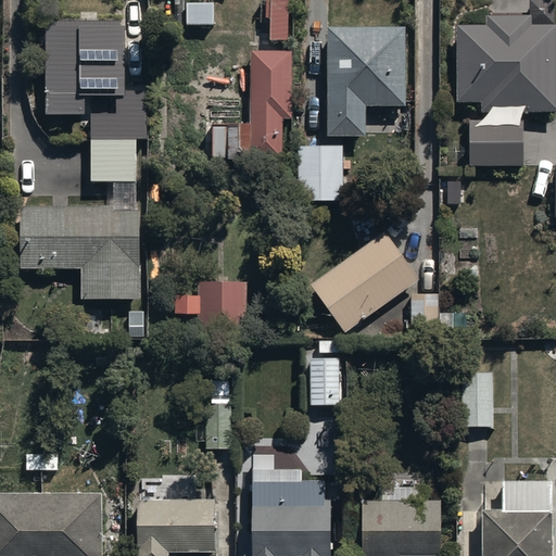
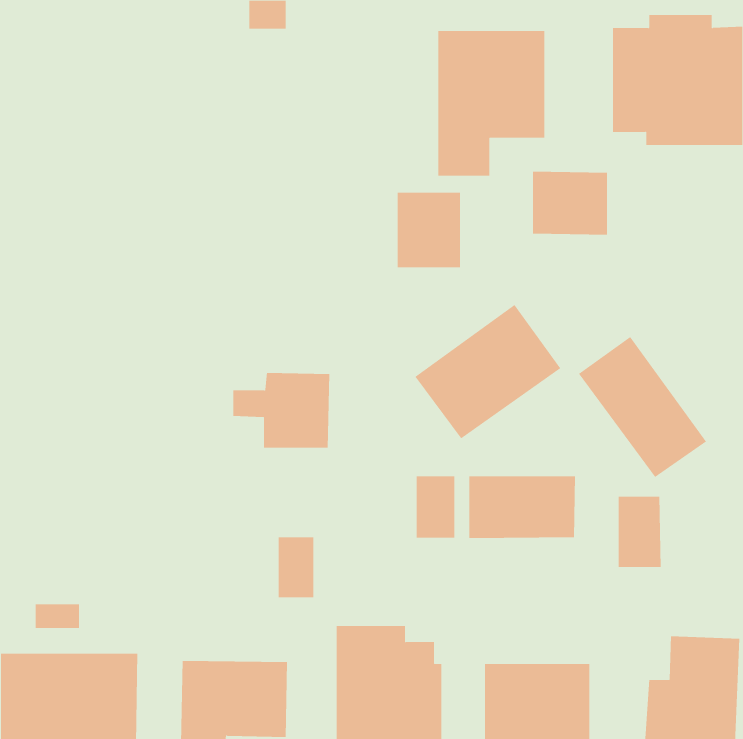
building: [45,25,147,185] -> none
building: [250,52,292,159] -> none
building: [466,119,522,167] -> [532,171,608,235]
building: [20,208,142,301] -> none
building: none -> [578,336,707,478]
building: none -> [469,476,575,539]

